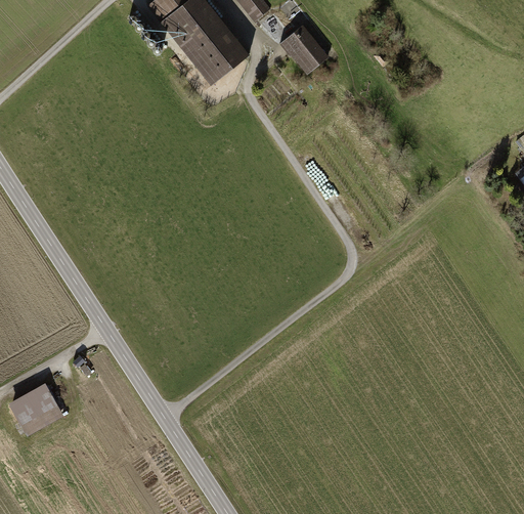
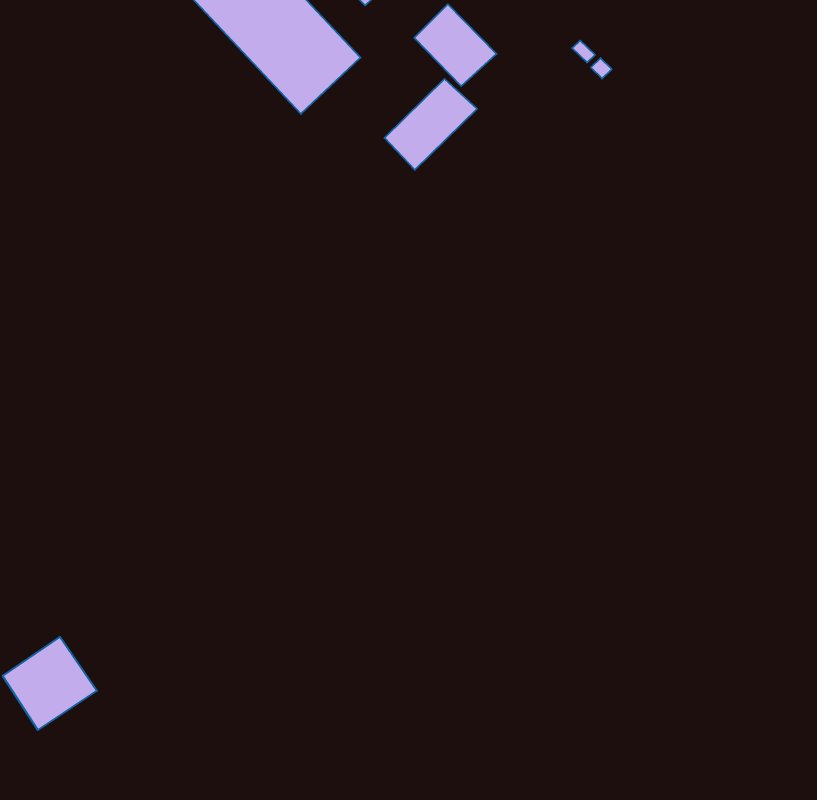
building: none -> [384,79,477,170]

